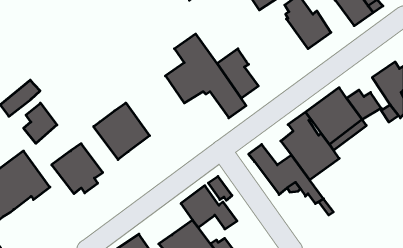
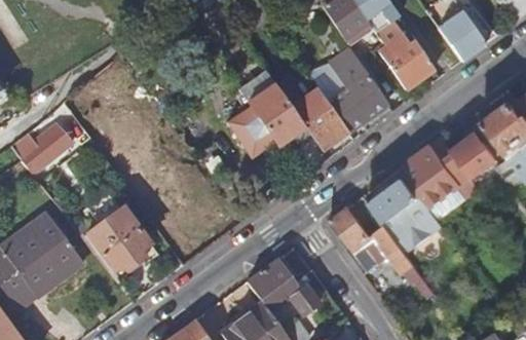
building: none -> [304,48,387,131]
building: [94,103,150,160] -> none
building: [24,103,57,143] -> none

